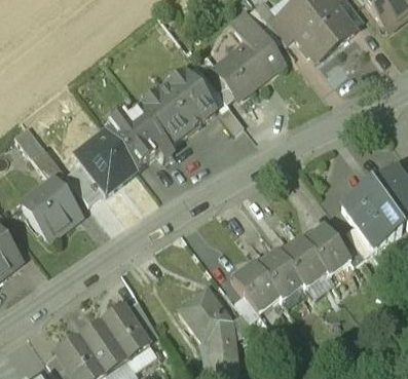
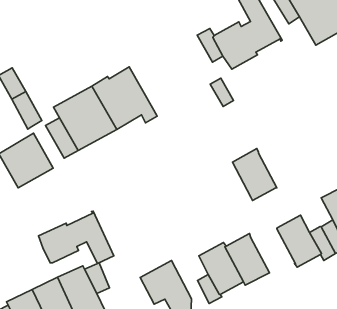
building: [138,70,216,145] -> none
building: [280,237,326,288] -> [232,149,277,200]
building: none -> [39,211,114,264]

